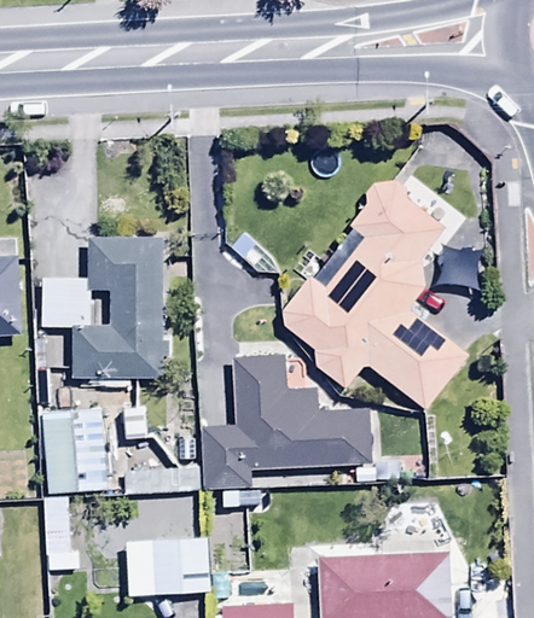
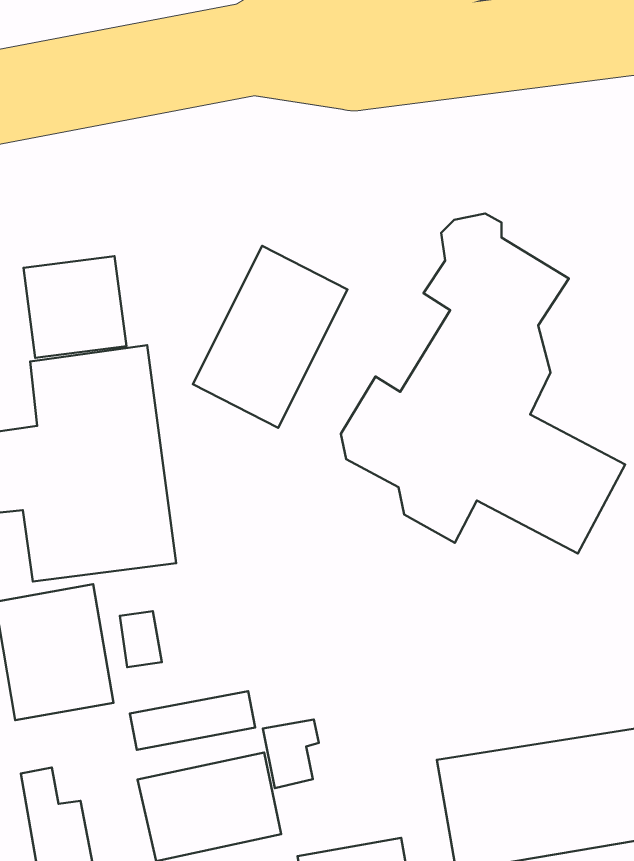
building: none -> [23,256,126,358]
building: none -> [193,246,347,428]
building: [201,357,371,490] -> none

